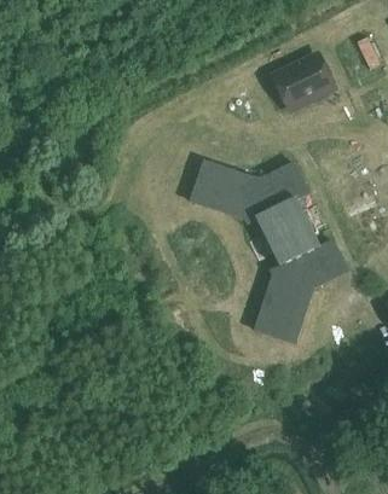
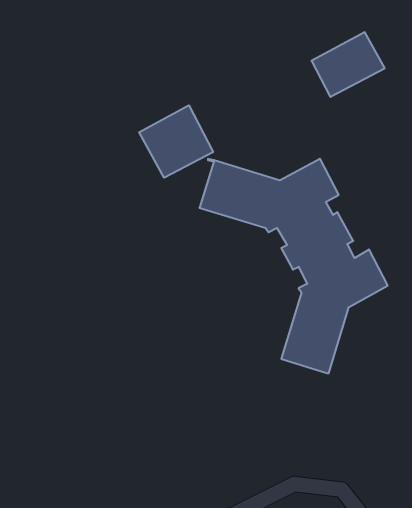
building: none -> [139,105,213,178]

